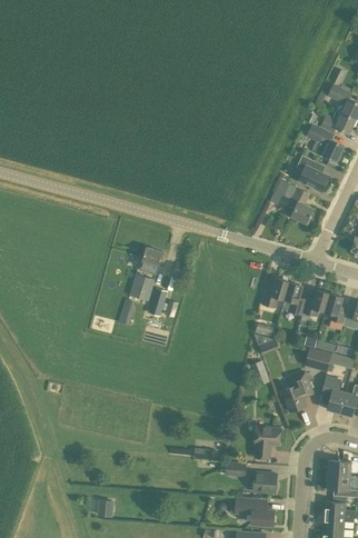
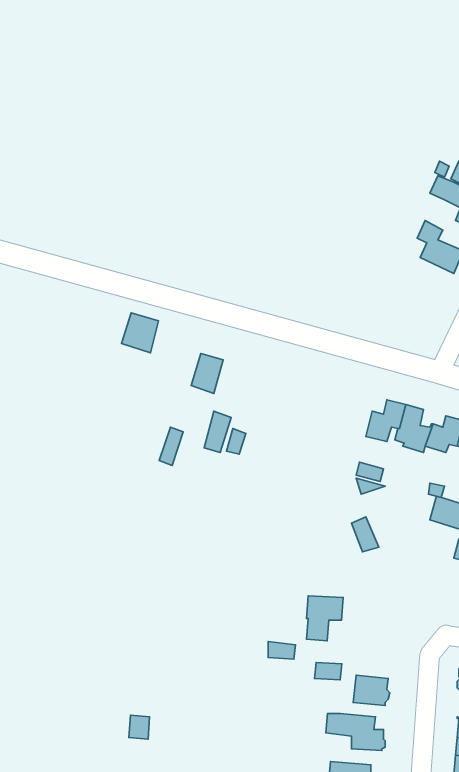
building: [275,179,314,222] -> none
building: [129,273,155,301] -> [122,313,159,353]
building: [282,371,309,410] -> none
building: [255,426,280,457] -> [306,596,343,641]

